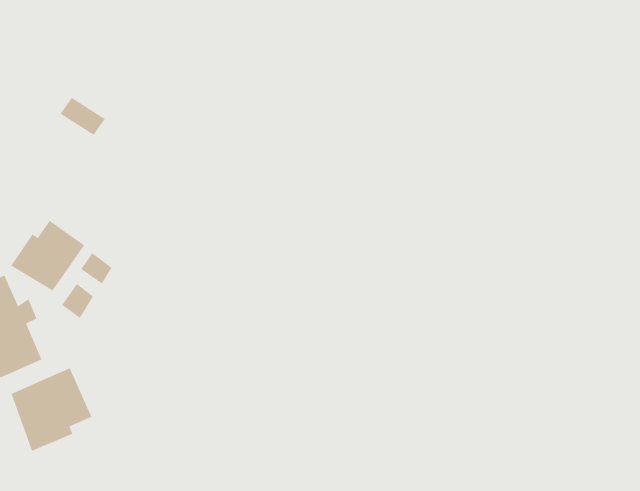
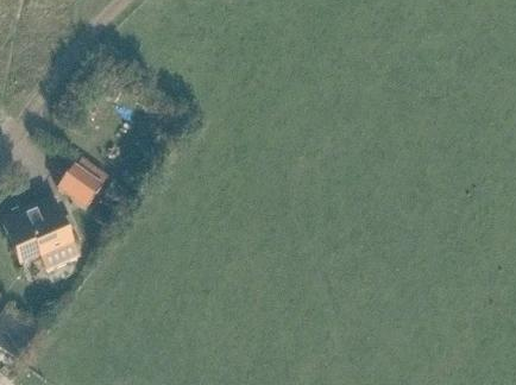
building: [11,367,93,452] -> none

